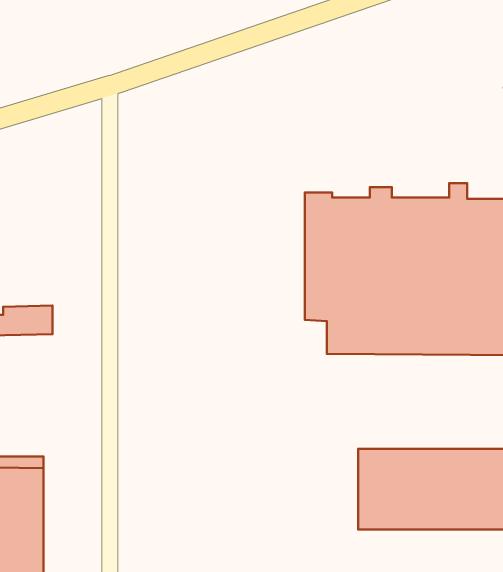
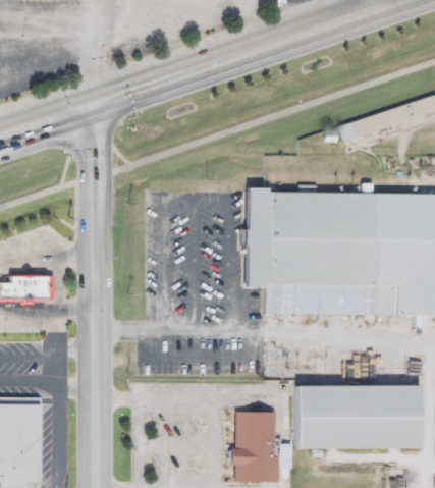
building: none -> [232,410,282,479]

